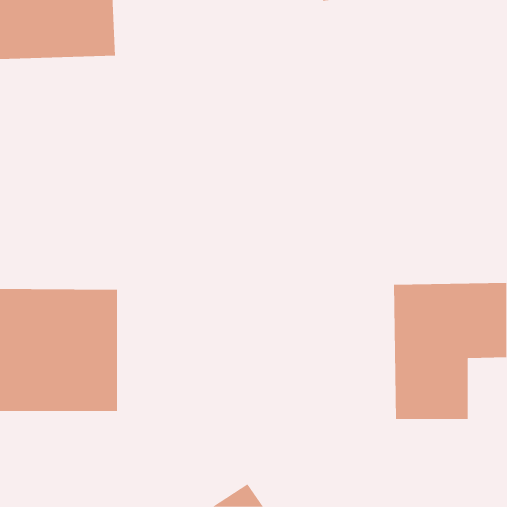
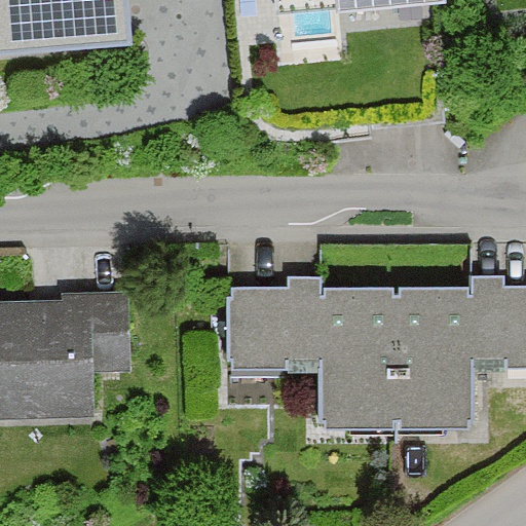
building: none -> [231,288,400,425]

